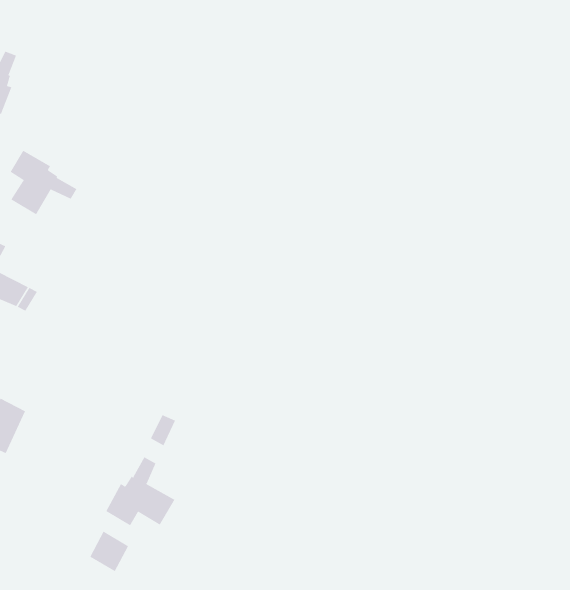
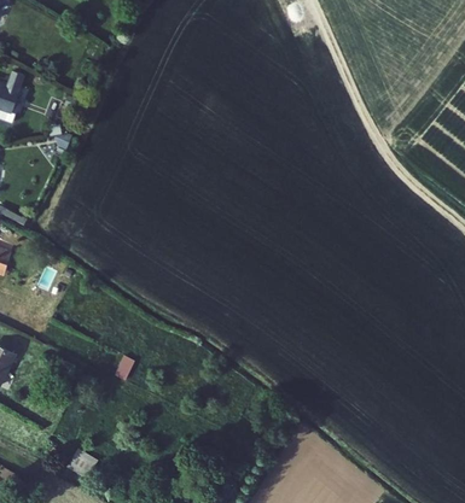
building: [10,150,77,215] -> none
building: [105,456,175,526] -> none

